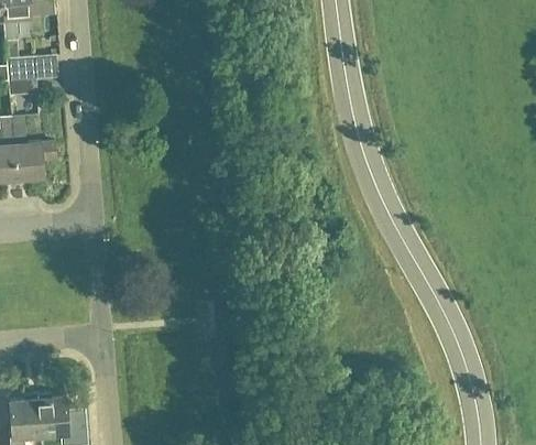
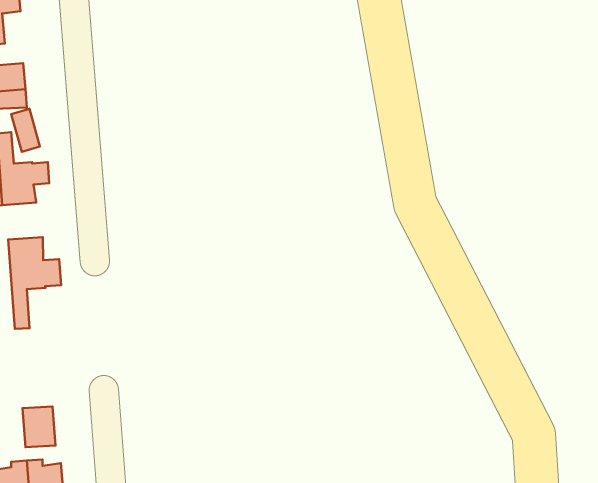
building: none -> [8,237,61,329]
building: none -> [22,406,55,447]

